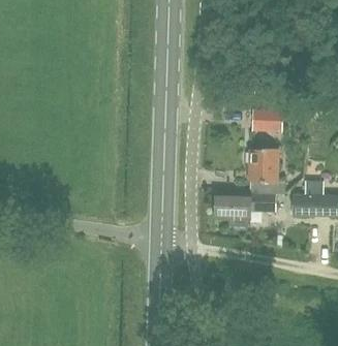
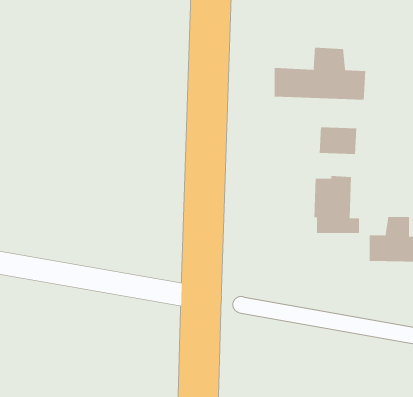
building: none -> [274,47,366,100]
building: [215,192,275,226] -> none

